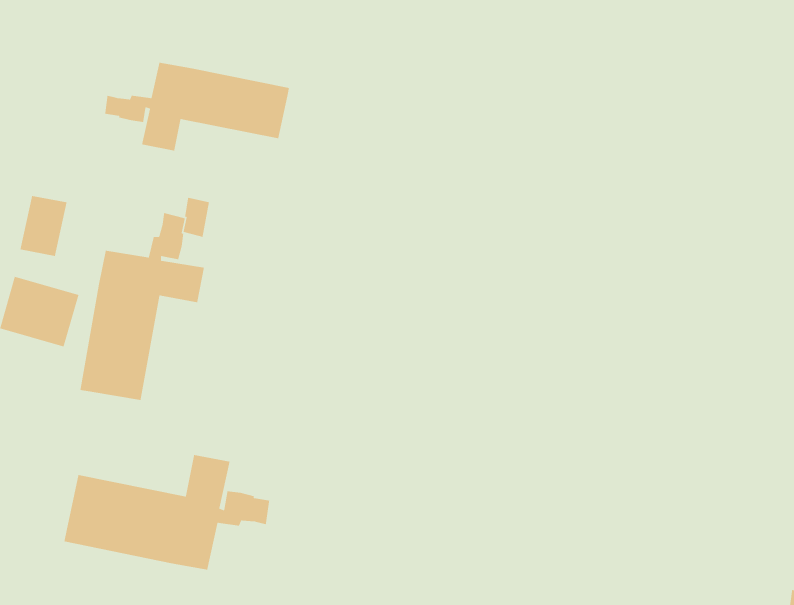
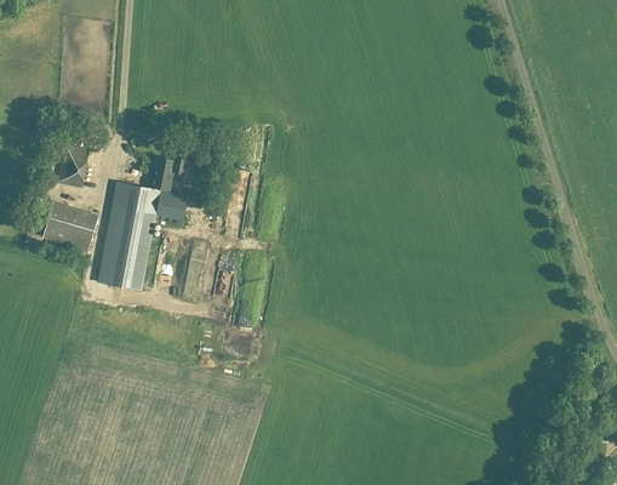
building: [104,62,290,151] -> none
building: [64,454,270,571] -> none

